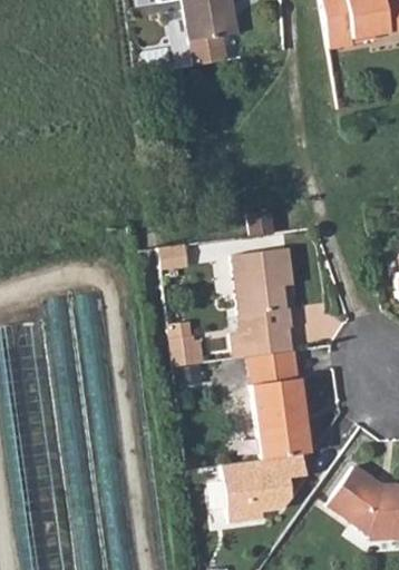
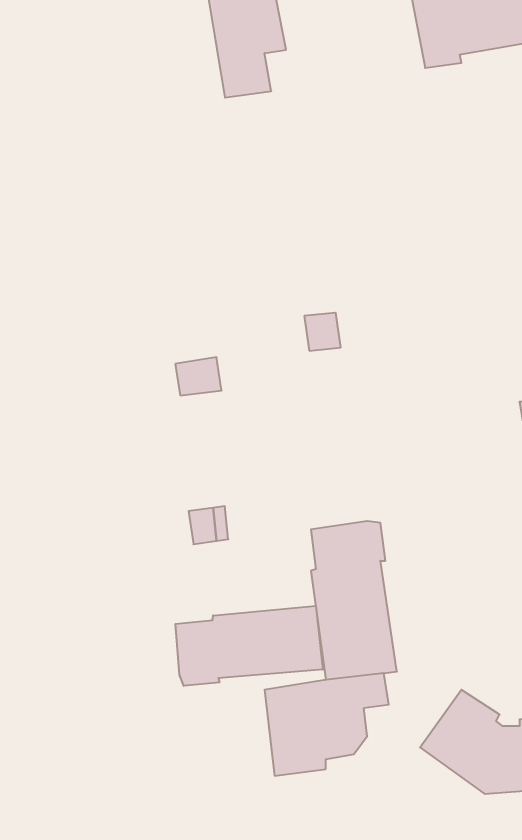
building: [228,249,291,360] -> none
building: none -> [175,606,323,686]

